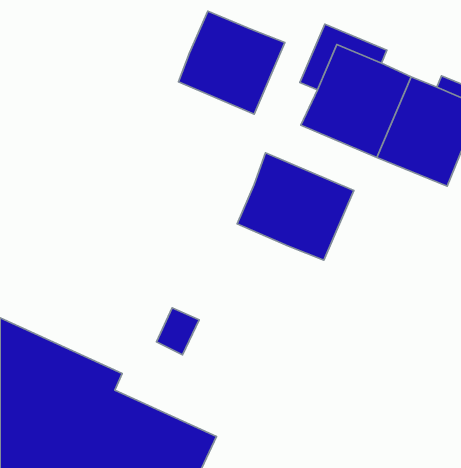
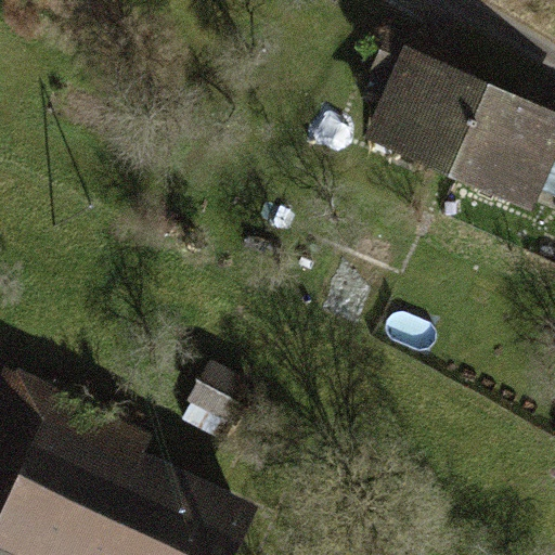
building: [179,11,285,114] -> none
building: [237,153,354,260] -> none

